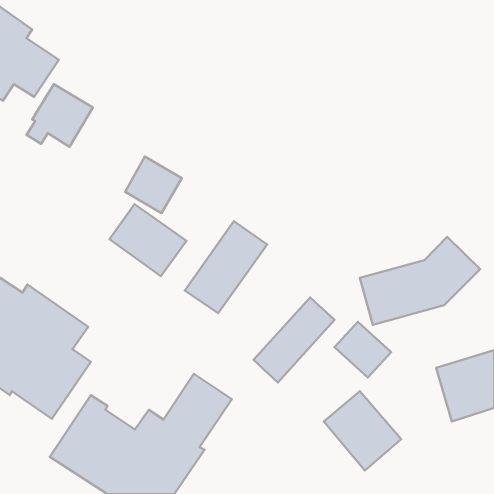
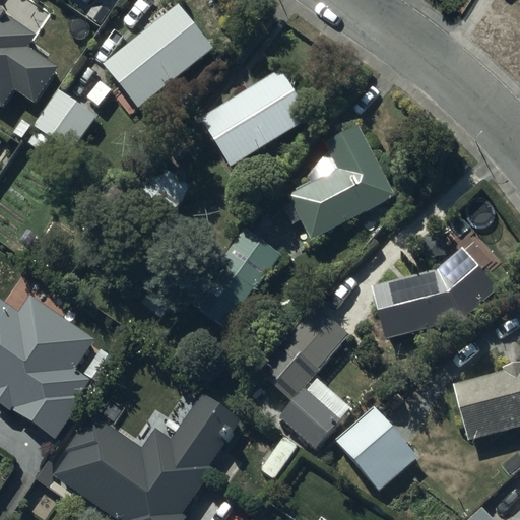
building: none -> [104,4,217,112]
building: none -> [201,69,310,166]
building: none -> [283,124,396,240]
building: [110,204,187,276] -> none
building: [334,322,391,378] -> [279,390,338,448]

